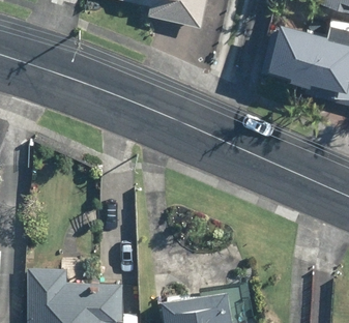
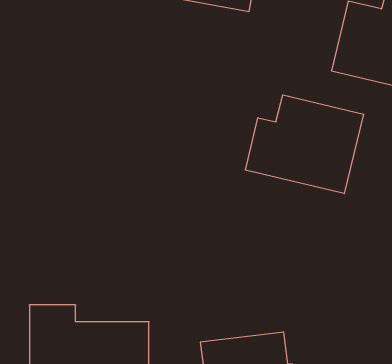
building: none -> [245,95,364,194]

